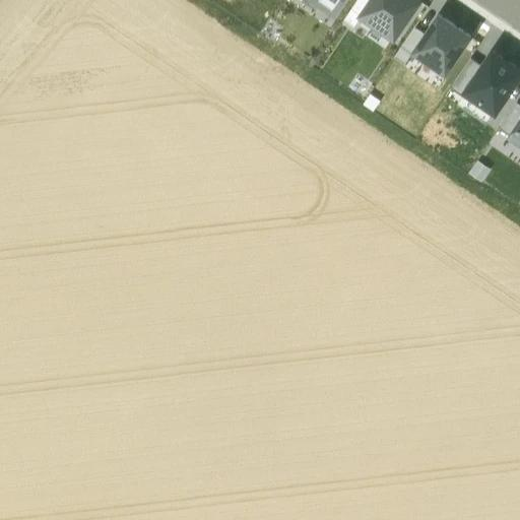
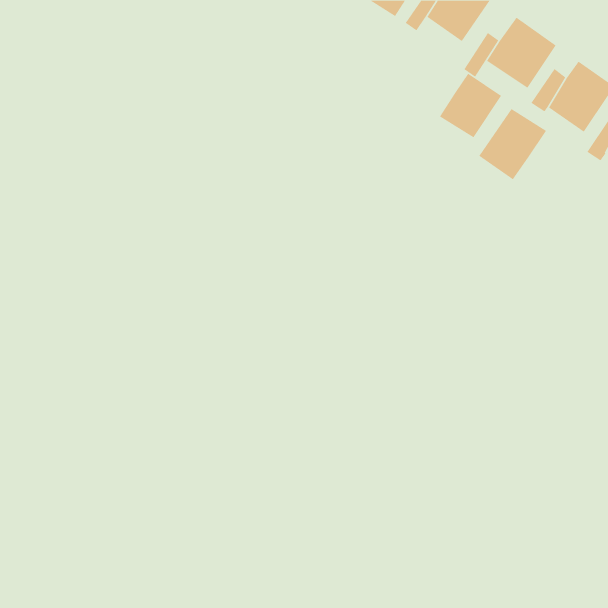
building: none -> [439,73,502,138]
building: none -> [478,108,547,180]

